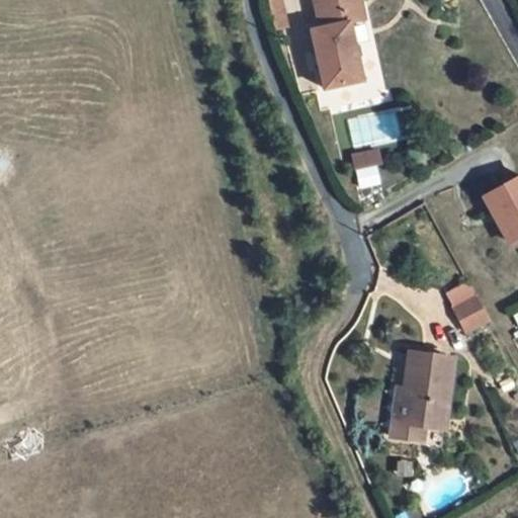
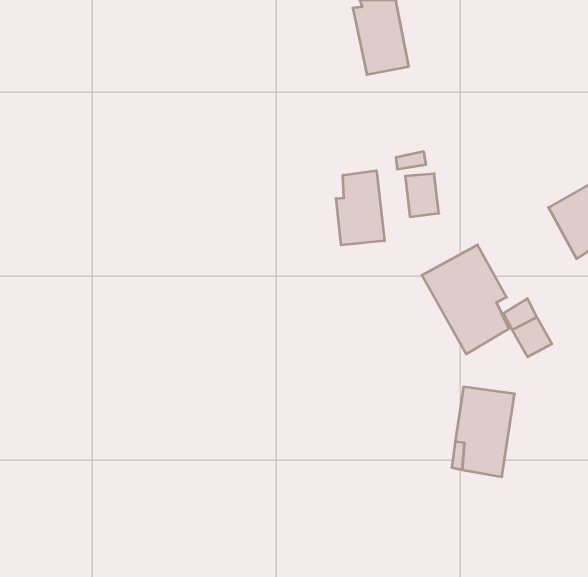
building: none -> [336,171,384,245]
building: none -> [422,245,509,354]

